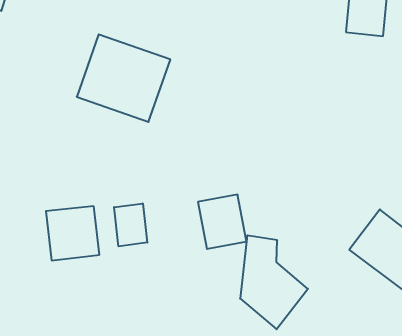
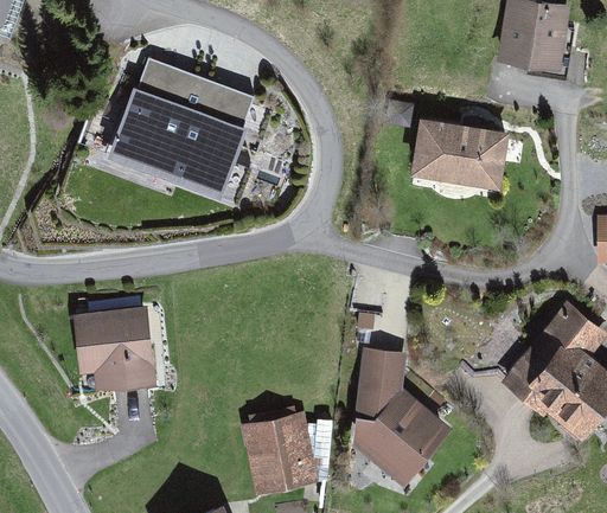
building: none -> [416,121,513,184]
building: [198,195,247,249] -> [242,416,313,495]
building: [114,203,147,246] -> none

